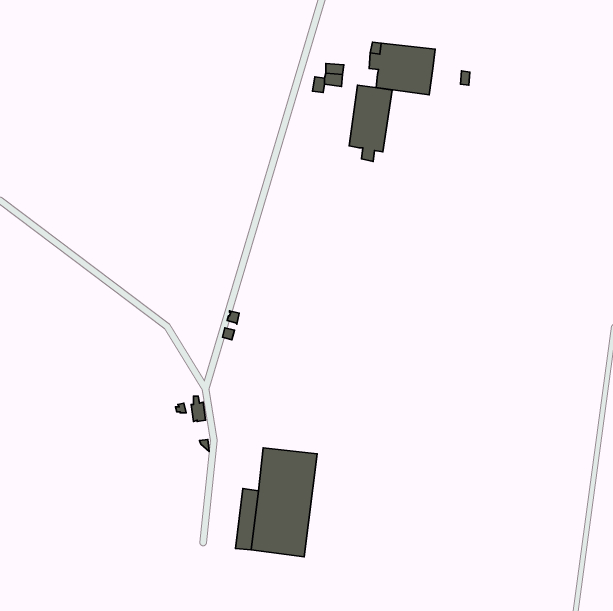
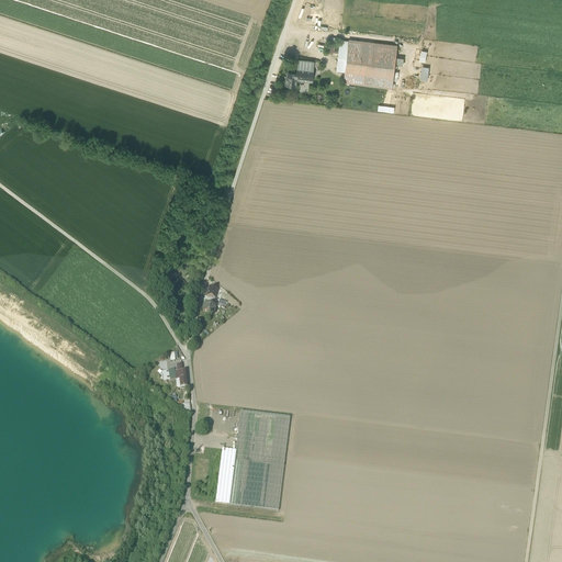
building: [349,85,392,161] -> none

